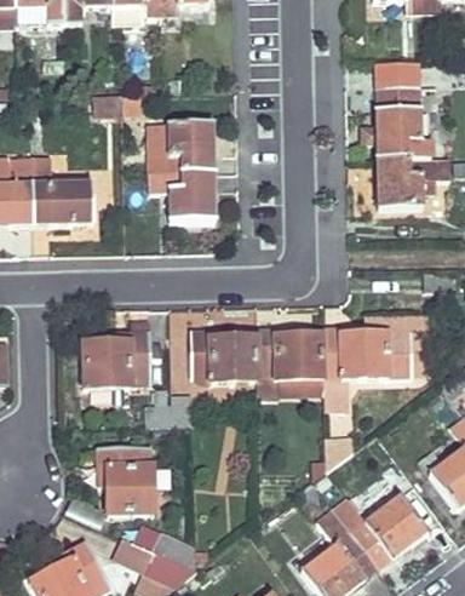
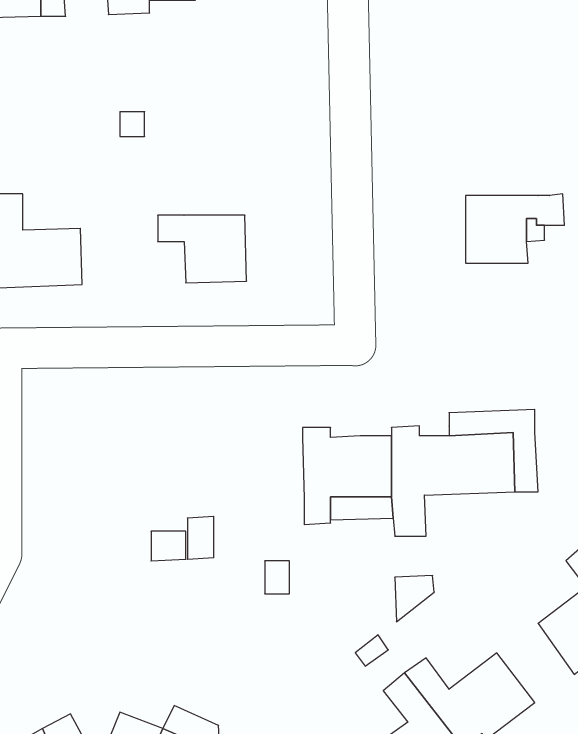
building: [374,85,429,157] -> none
building: [167,122,213,172] -> none
building: [82,321,150,388] -> none
building: [189,329,257,382] -> none
building: [97,446,153,512] -> none

